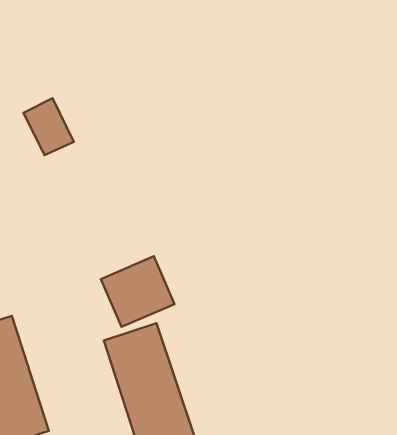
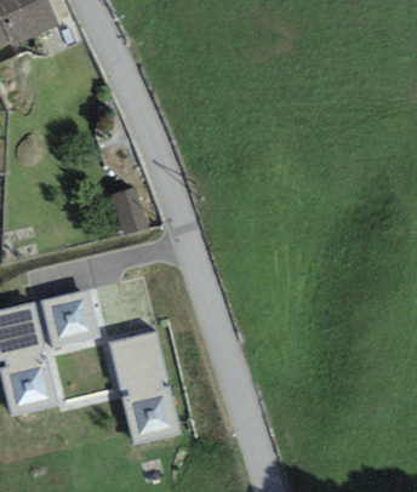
building: [24,98,74,155] -> [109,187,148,234]
building: [101,256,175,327] -> [40,288,99,344]

